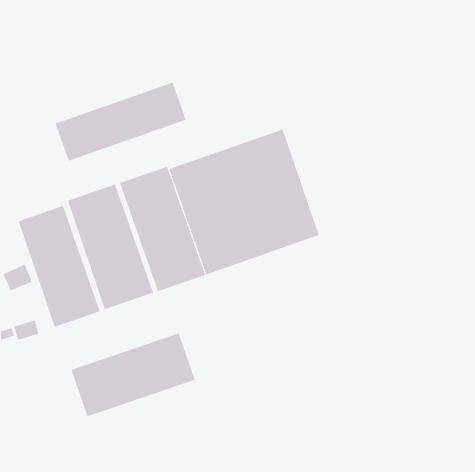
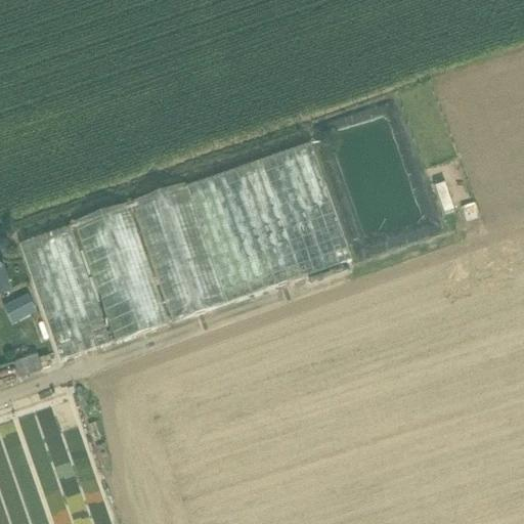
building: [55,82,186,162] -> none
building: [71,332,195,417] -> none

